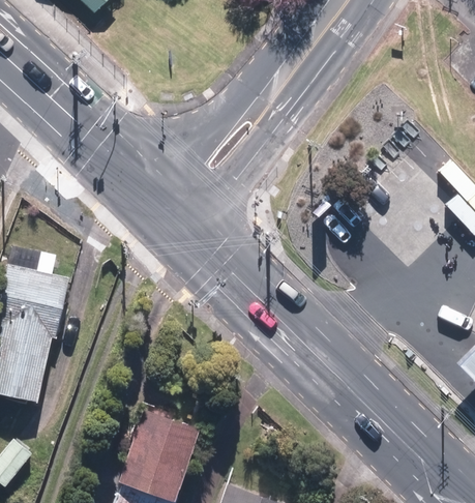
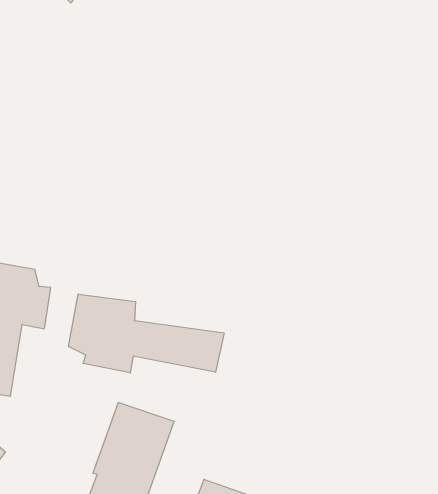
building: none -> [69,294,224,373]

